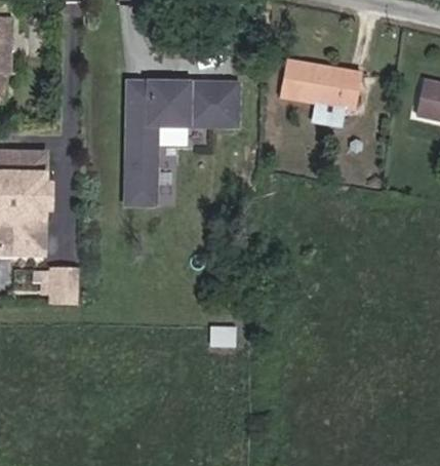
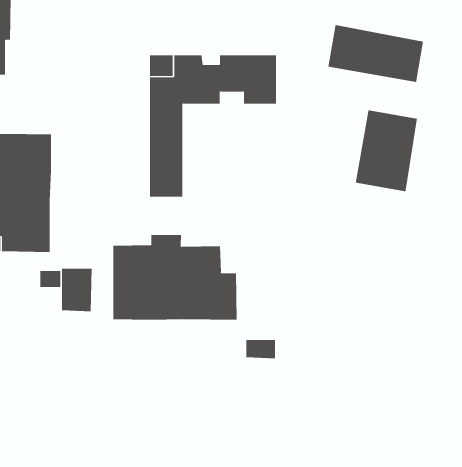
building: none -> [355,109,417,192]
building: none -> [113,234,237,320]

